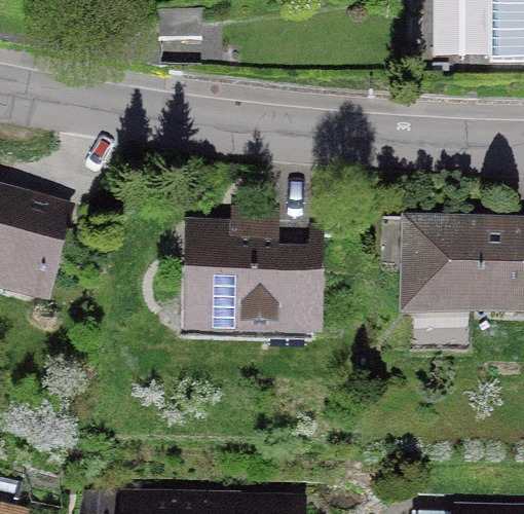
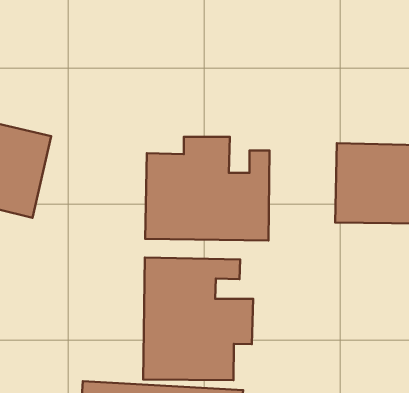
building: none -> [143,258,253,380]

